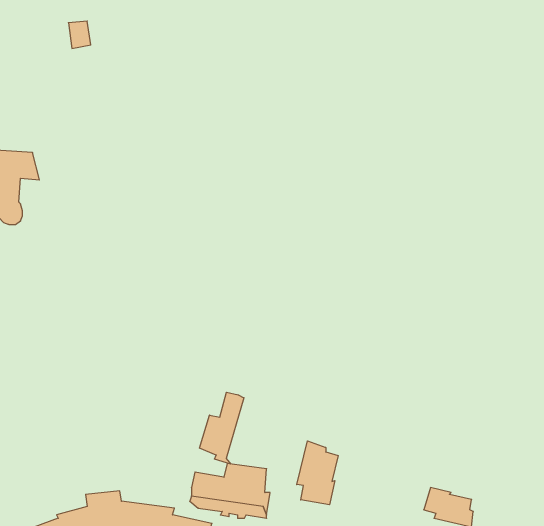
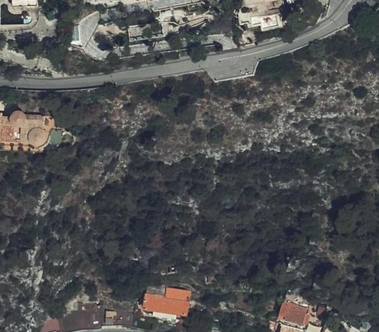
building: [199,392,244,464] -> none
building: [297,441,338,505] -> none

